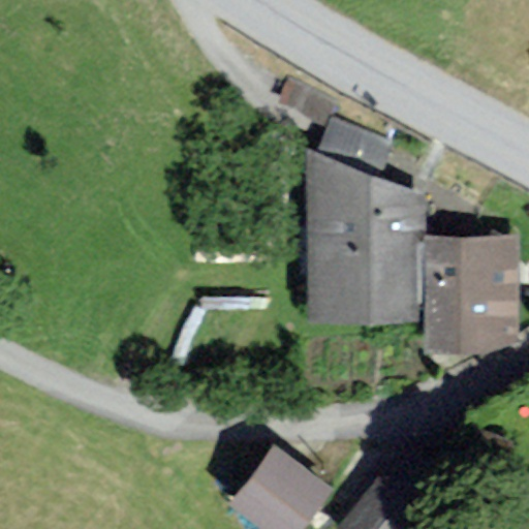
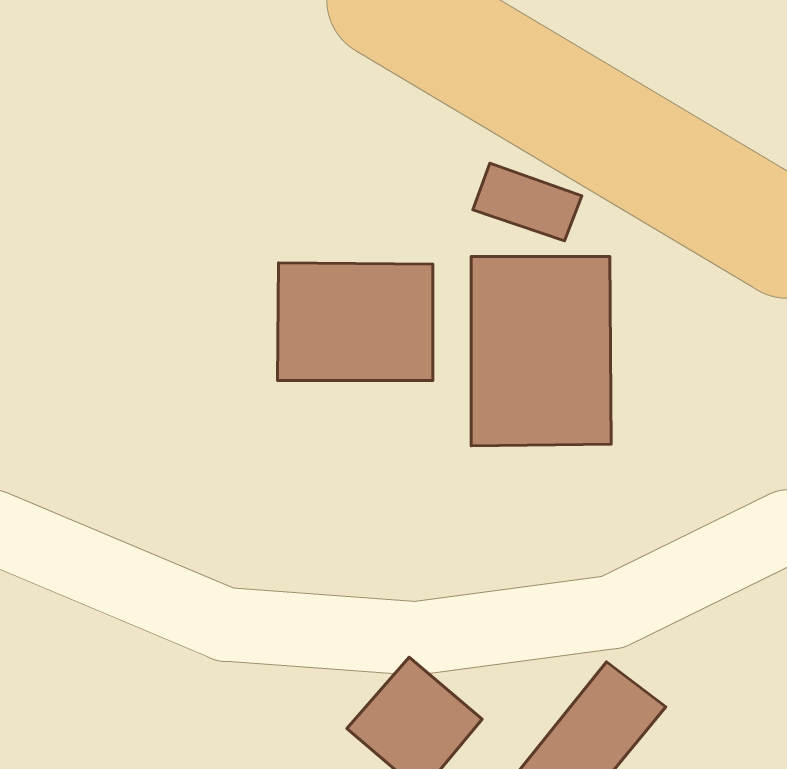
building: none -> [277,263,433,381]
building: [428,246,510,343] -> none

